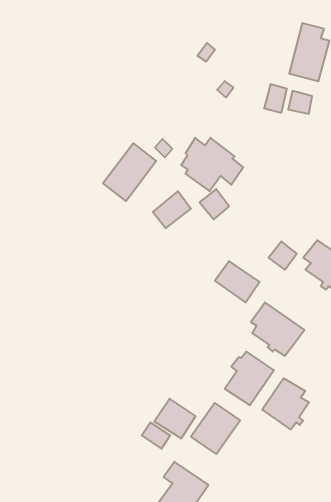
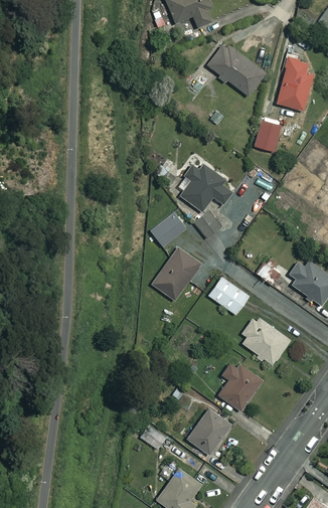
building: none -> [207,41,266,96]
building: [103,143,156,201] -> [151,246,200,300]
building: [262,378,309,429] -> none
building: [154,399,195,439] -> none

